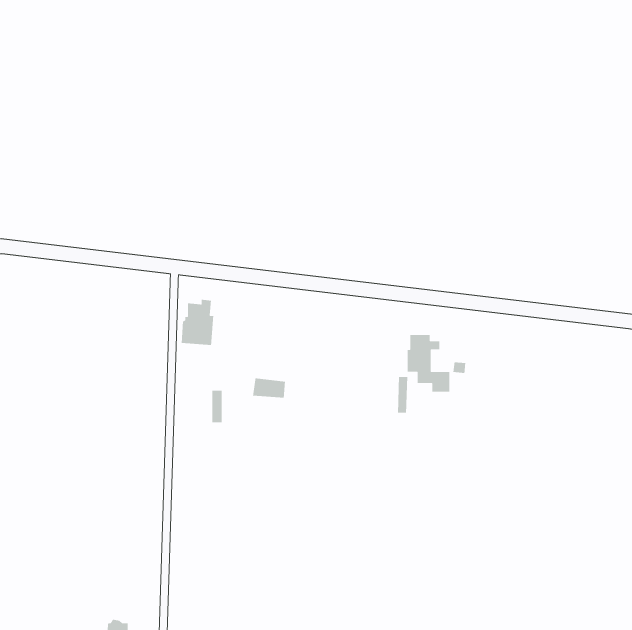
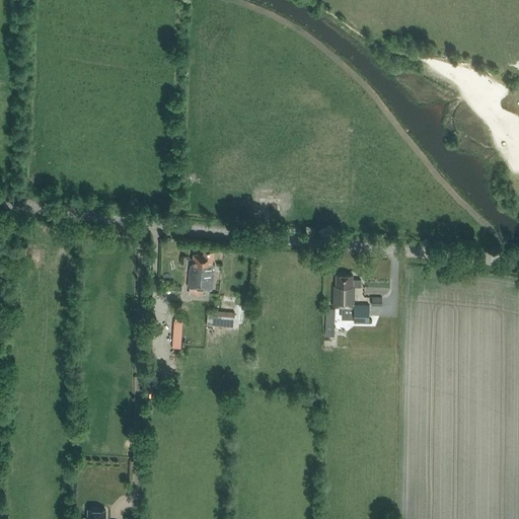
building: [181,299,214,346] -> [188,252,215,291]

